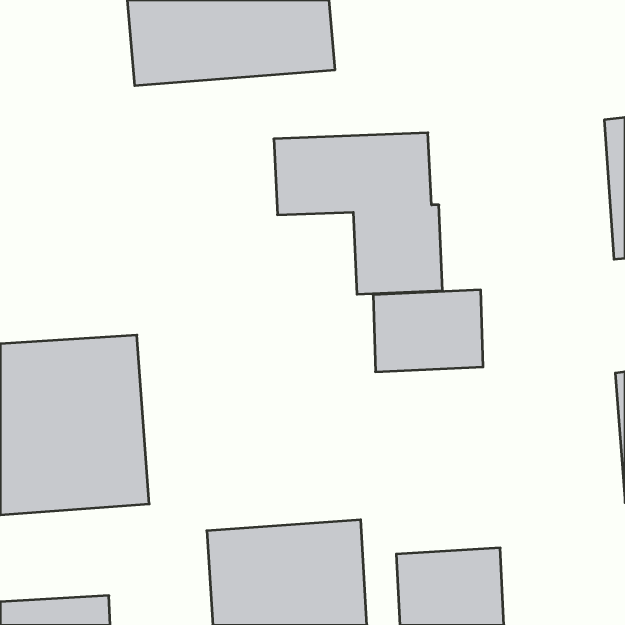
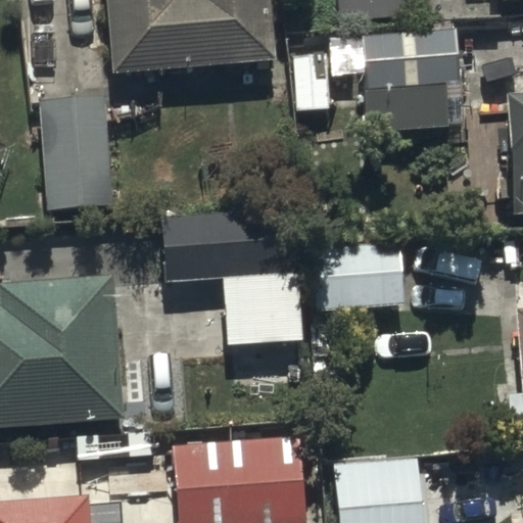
building: none -> [363,27,459,132]
building: none -> [38,98,114,206]
building: [274,133,443,294] -> [159,211,300,346]

